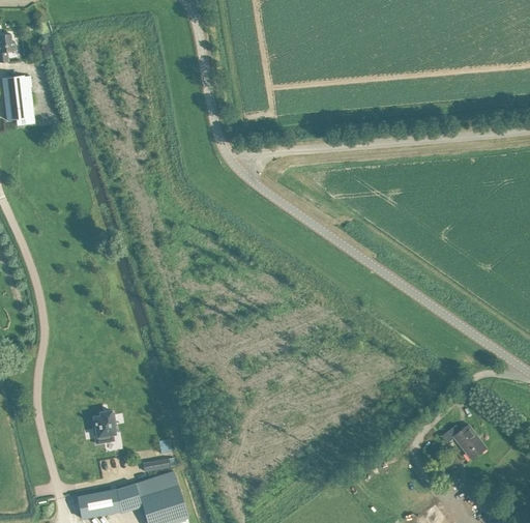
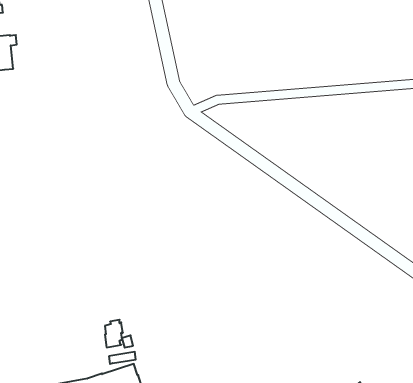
building: [94,410,116,443] -> [105,320,123,347]
building: [442,426,487,460] -> none

